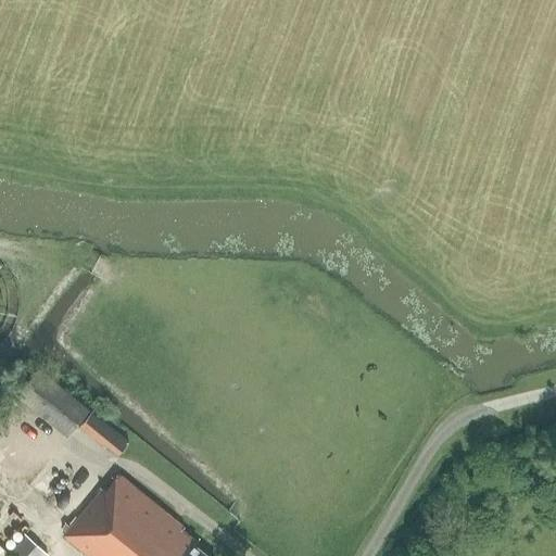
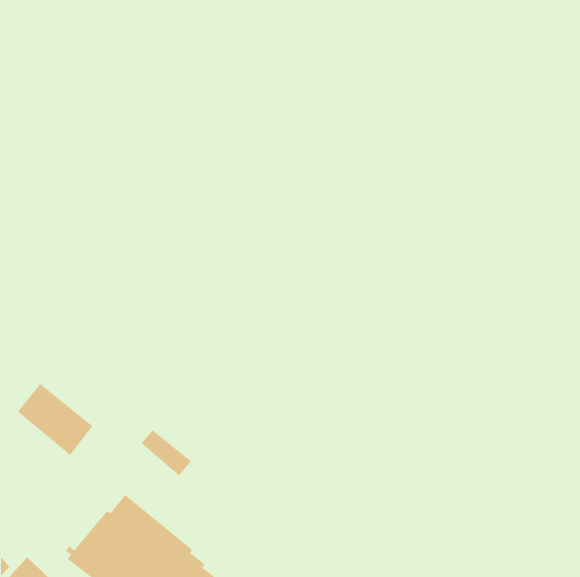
building: [79,416,128,460] -> [141,430,192,476]

